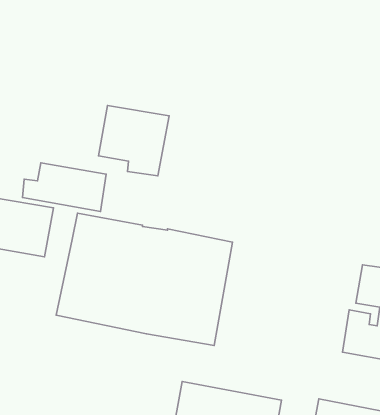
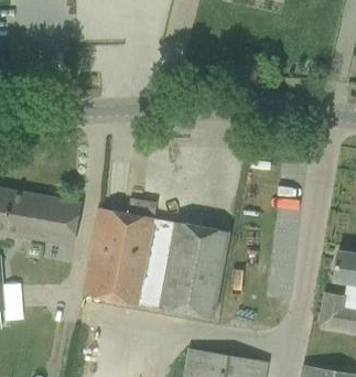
building: [99,105,169,176] -> none
building: [22,163,106,211] -> none

